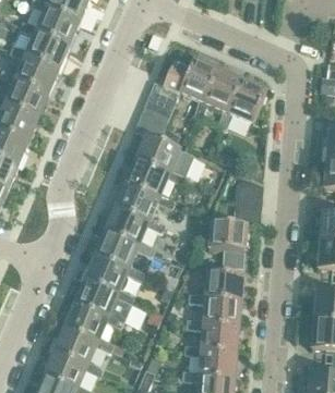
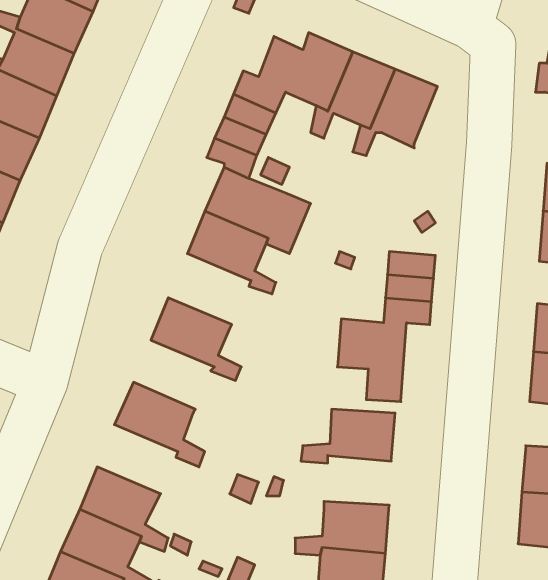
building: [112,183,164,231] -> none
building: [93,232,144,279] -> none
building: [72,280,130,327] -> none
building: [186,297,239,328] -> none

